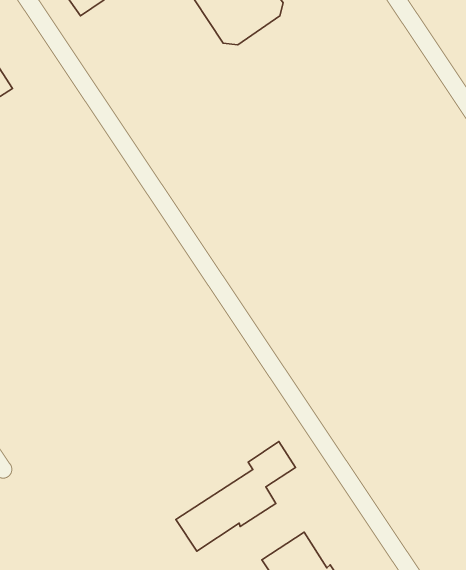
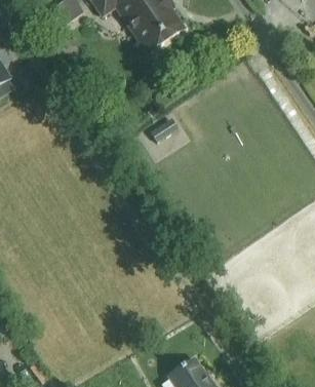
building: [176,441,296,551] -> none

